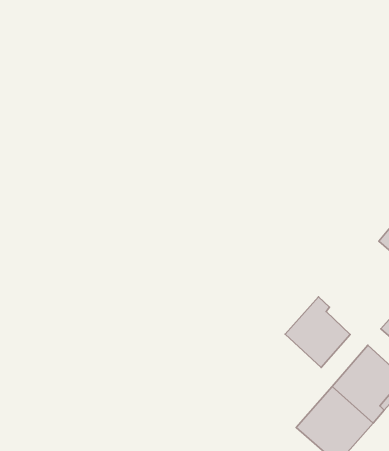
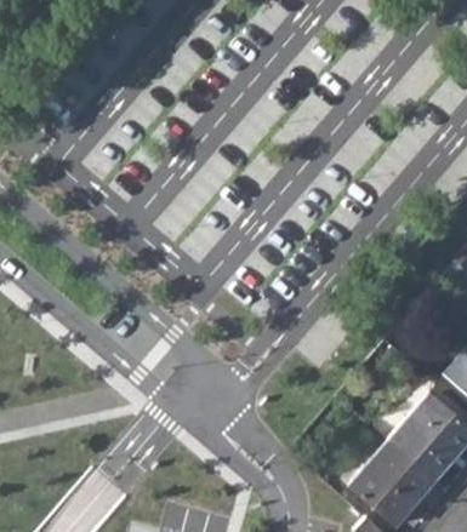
building: [285,297,350,367] -> none

